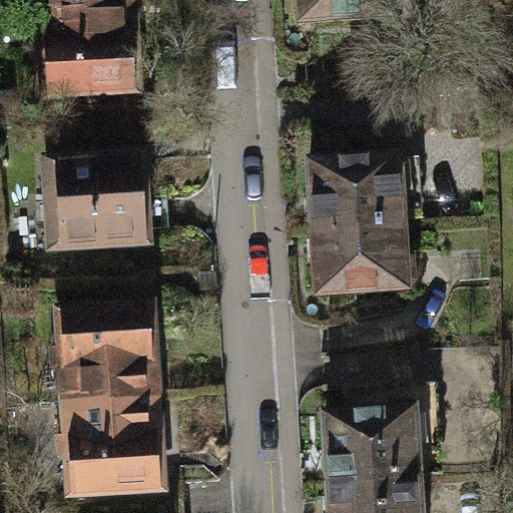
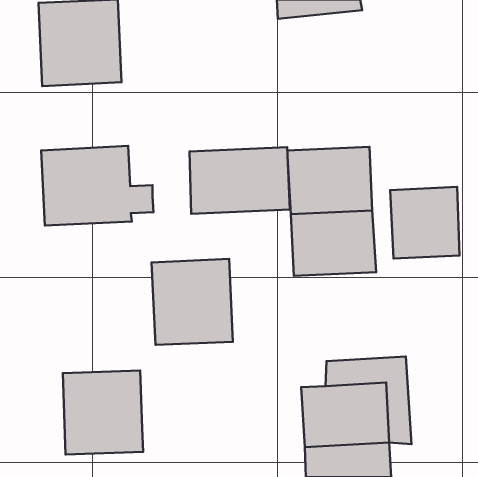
building: none -> [190,147,290,214]
building: none -> [390,187,460,258]
building: [63,308,150,400] -> [152,259,233,345]

